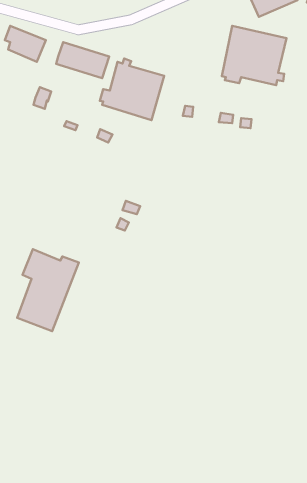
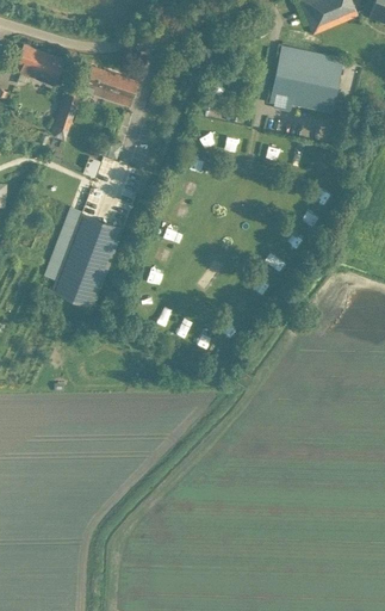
building: [100,59,164,120] -> none
building: [17,249,79,331] -> [50,210,122,306]

